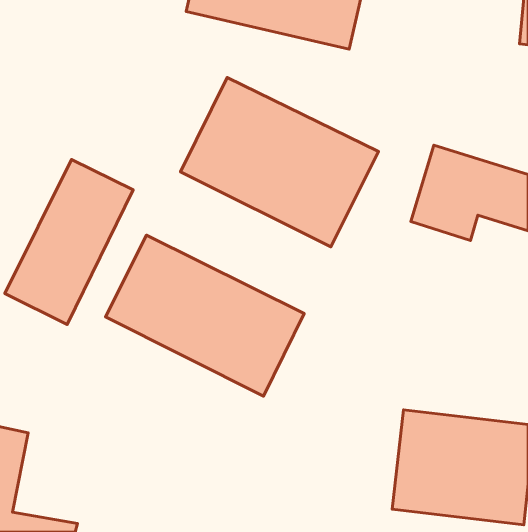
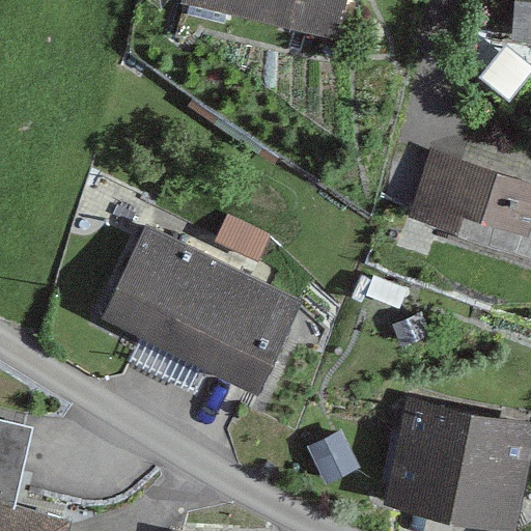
building: [180,78,378,247] -> none
building: [5,160,133,325] -> none

